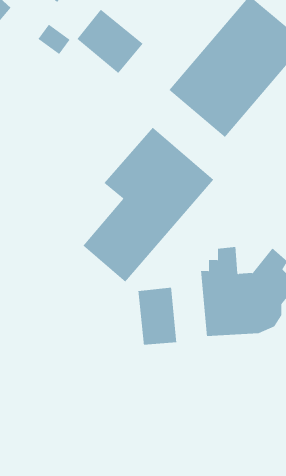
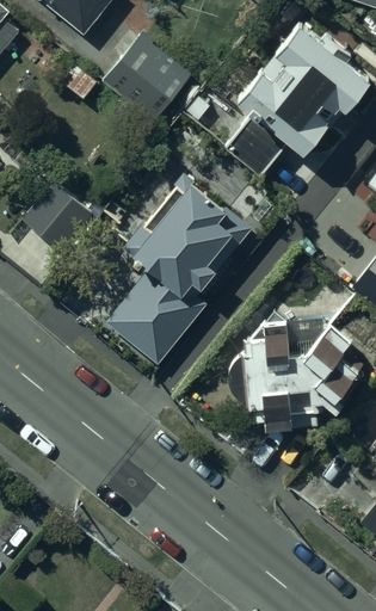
building: none -> [18,174,87,245]
building: [138,287,177,345] -> none

